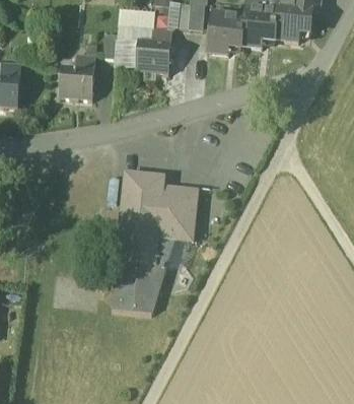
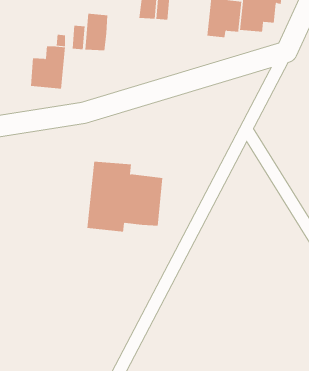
building: [208,9,244,52] -> none
building: [136,25,172,71] -> none
building: [112,234,174,310] -> none

